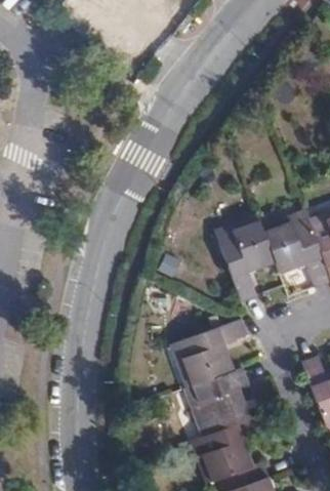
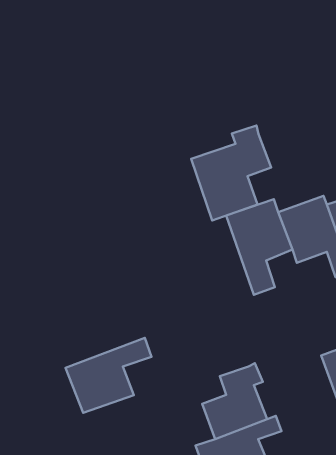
building: none -> [191,126,271,220]
building: [171,317,251,386] -> [65,338,151,413]

